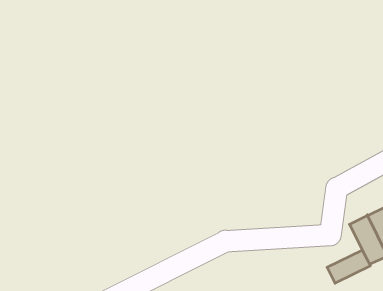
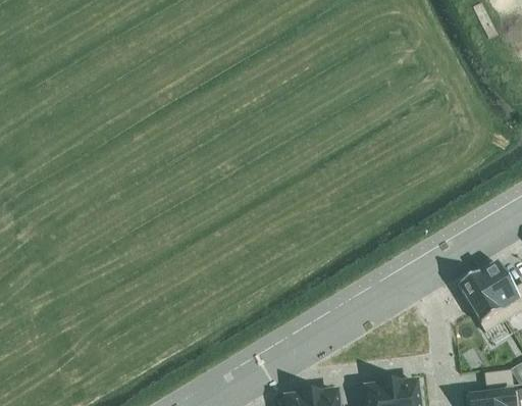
building: [327,250,370,283] -> none

